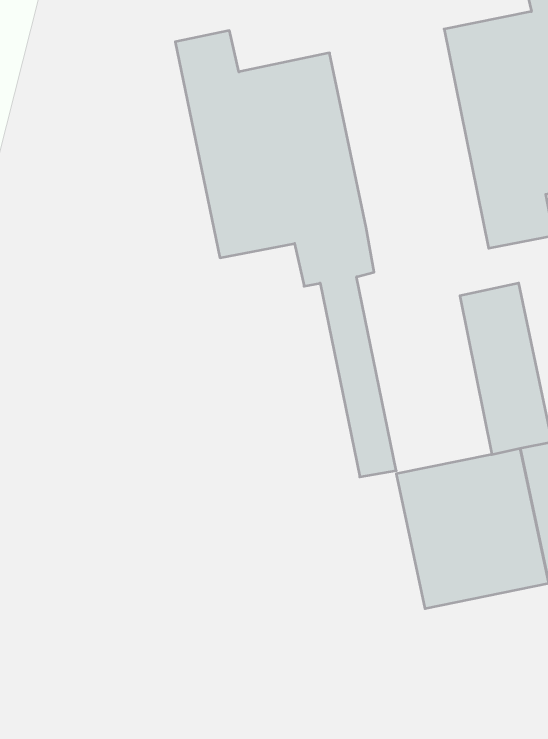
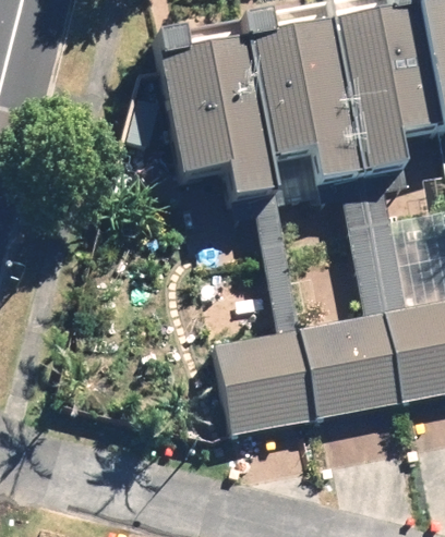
building: none -> [253,11,366,187]
building: none -> [213,326,323,437]

